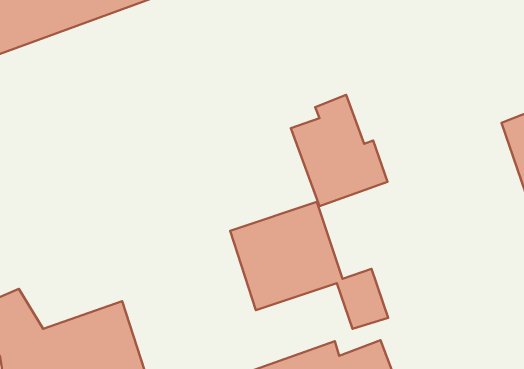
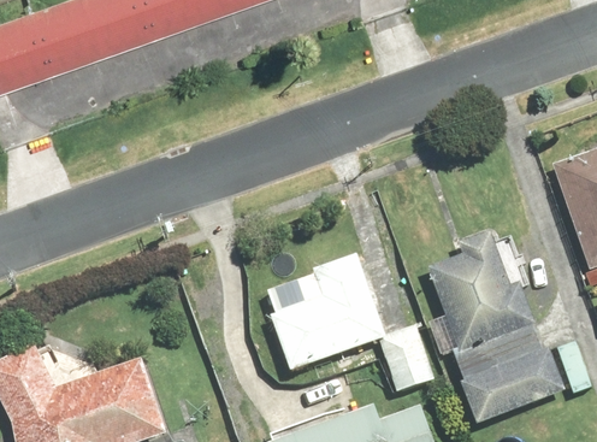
building: [291,95,388,206] -> [430,230,534,350]
building: none -> [460,348,566,424]

